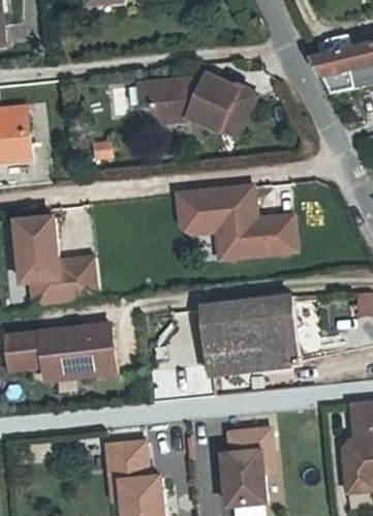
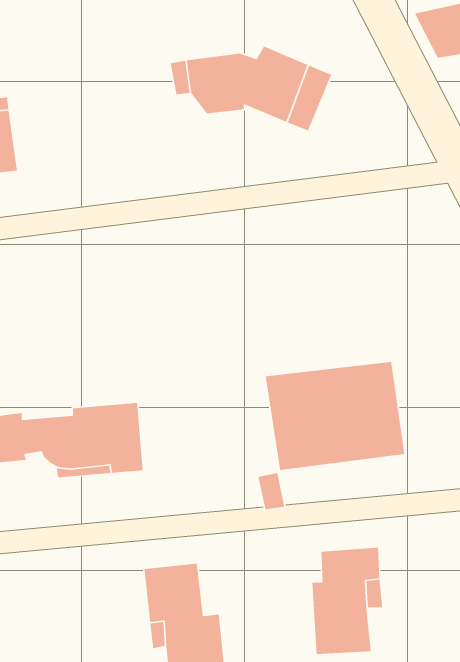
building: [176,184,296,257] -> none
building: [17,219,99,308] -> none

